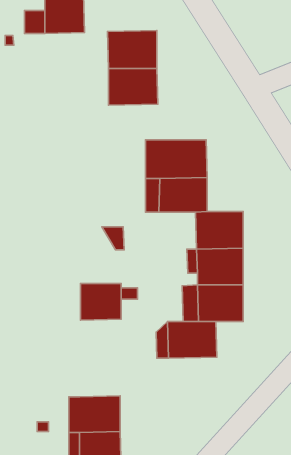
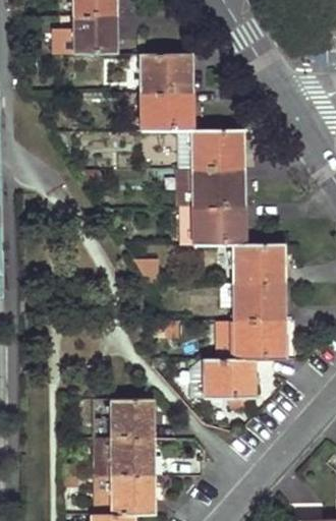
building: none -> [194,128,245,167]
building: [81,283,121,320] -> [112,399,155,438]

